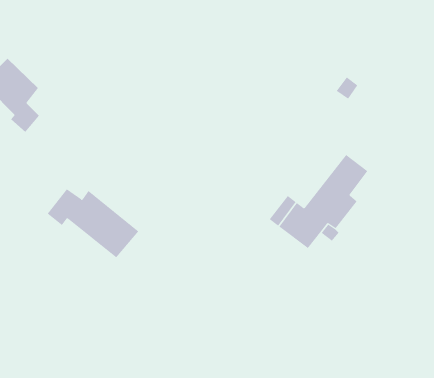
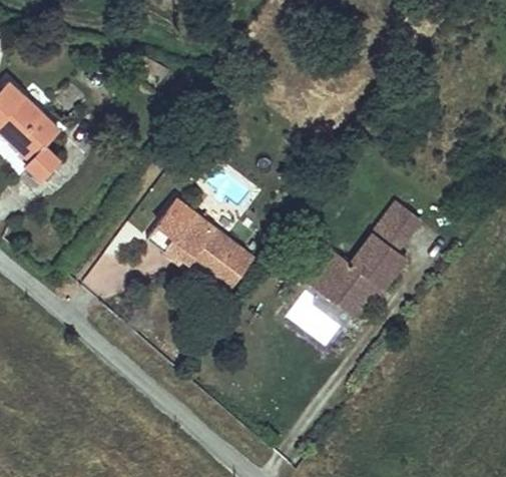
building: [47,188,139,258] -> [148,212,251,291]

